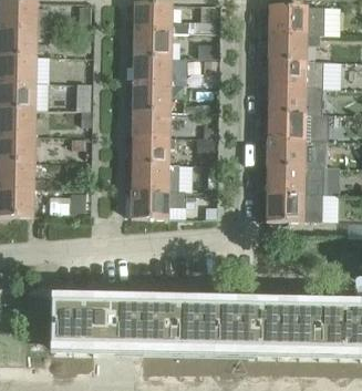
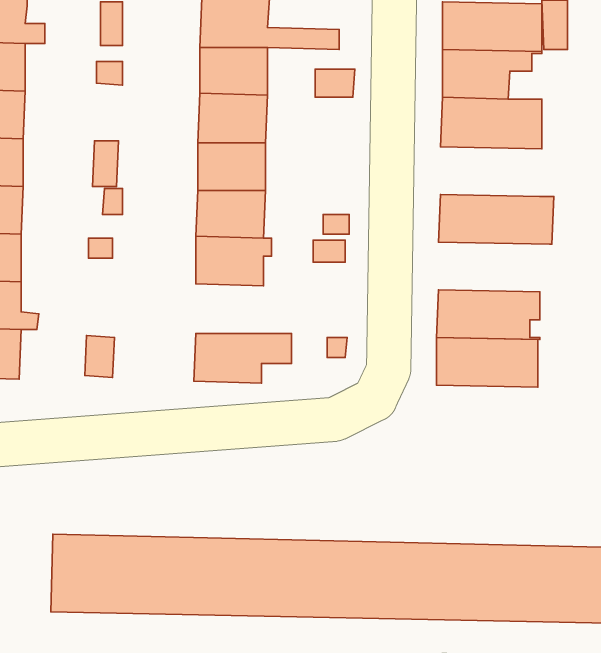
building: [267,86,323,114] -> none
building: [266,140,328,167] -> none
building: [131,163,178,191] -> none

